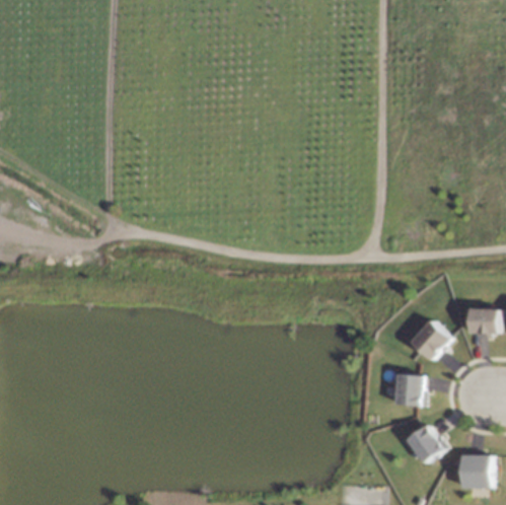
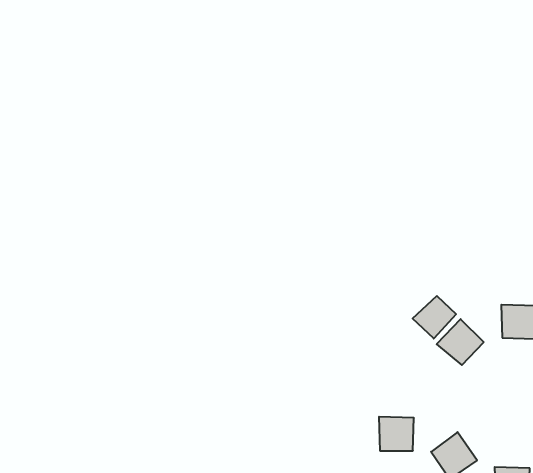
building: none -> [413,296,456,339]
building: [393,373,426,405] -> [379,417,414,451]

